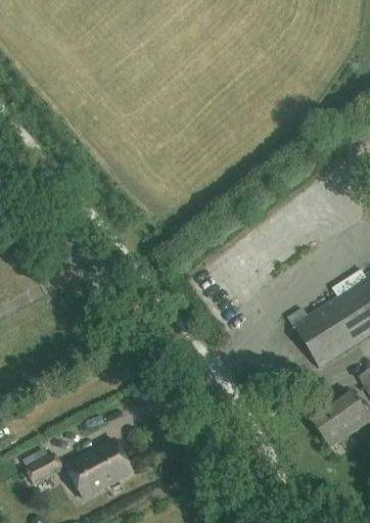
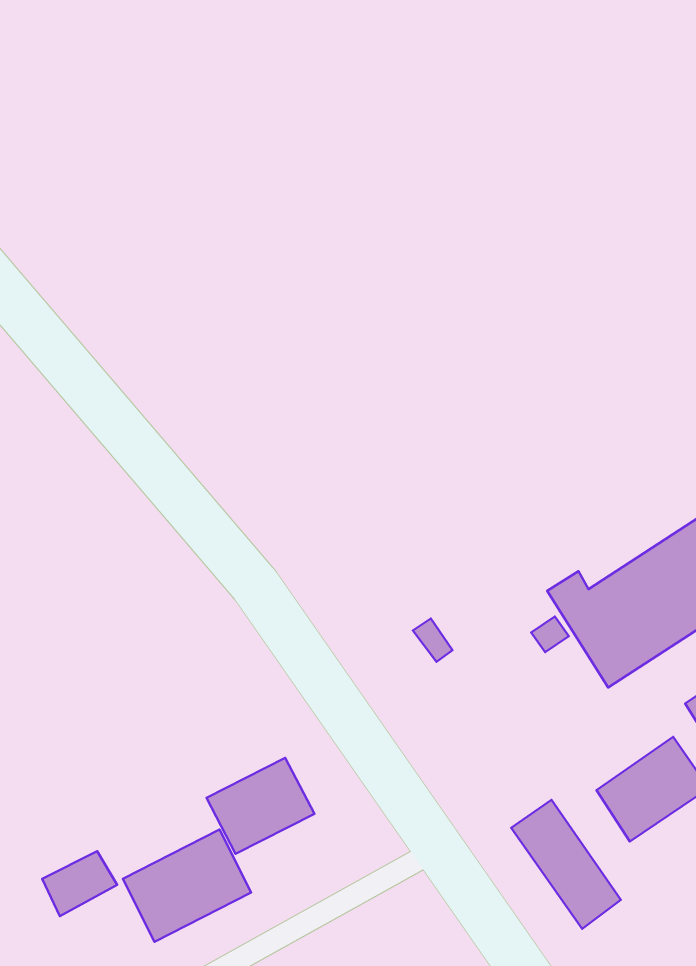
building: none -> [206,758,314,854]
building: none -> [511,800,621,929]

